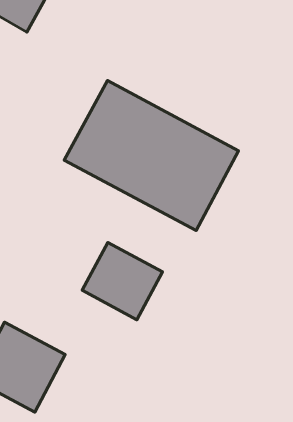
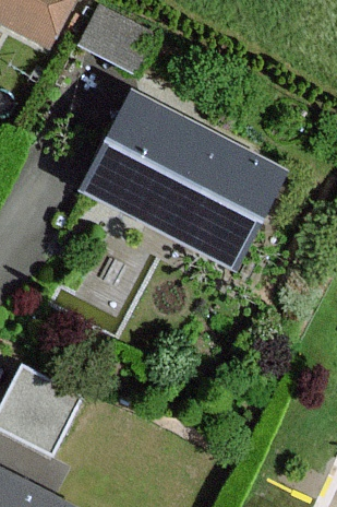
building: [82,242,162,320] -> none

